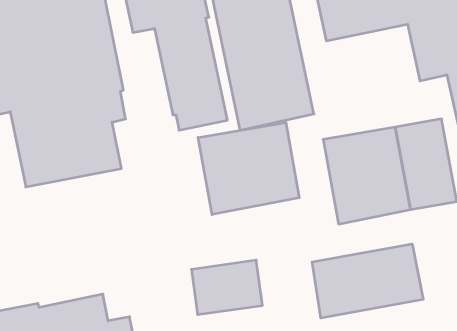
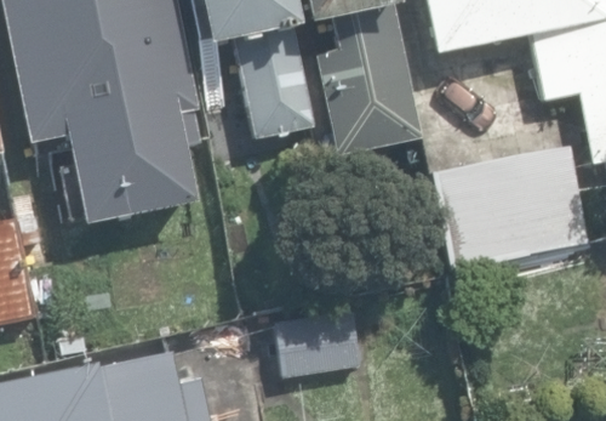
building: [198,122,299,215] -> none
building: [312,244,423,318] -> none

